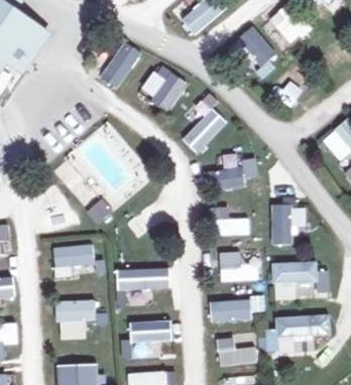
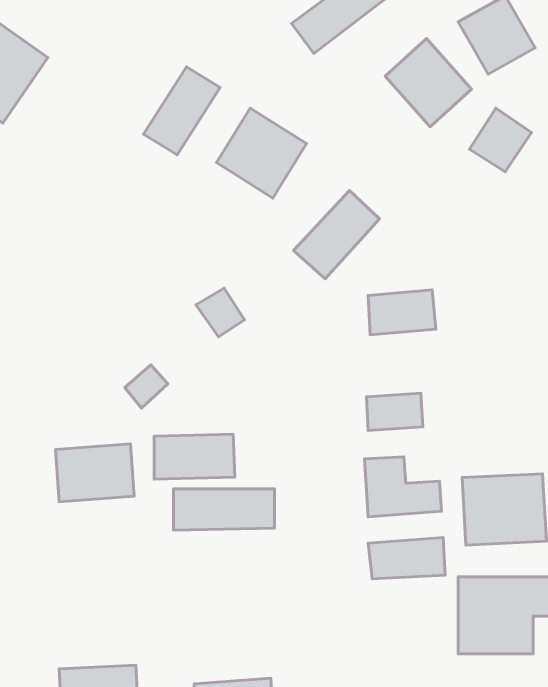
building: [271,206,302,245] -> none
building: [57,300,96,339] -> none
building: [129,319,172,344] -> [154,434,235,479]
building: [218,342,256,367] -> none

